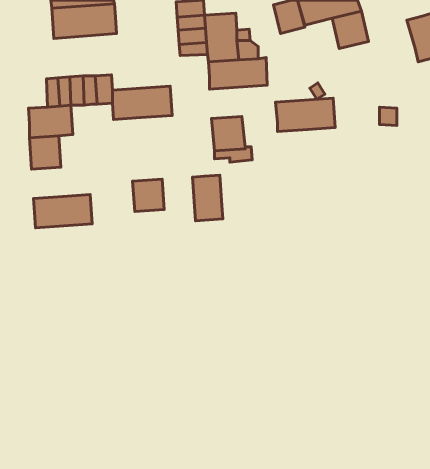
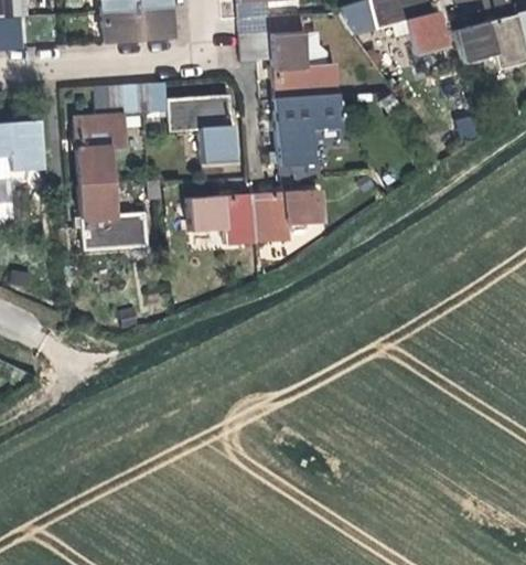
building: none -> [457,22,498,62]
building: [276,98,335,131] -> [275,93,340,129]
building: none -> [200,126,236,162]
building: none -> [80,182,115,216]
building: none -> [286,189,323,224]
building: none -> [223,193,259,244]

